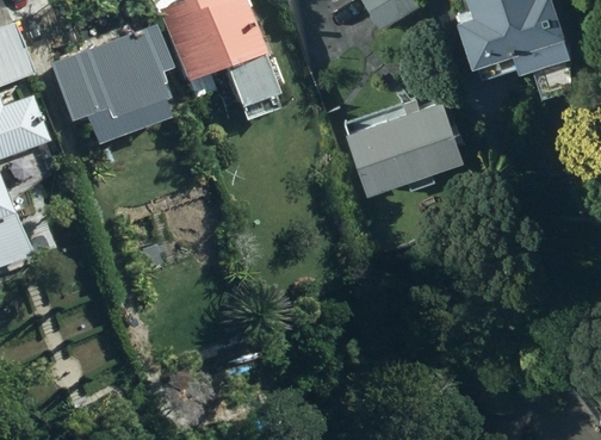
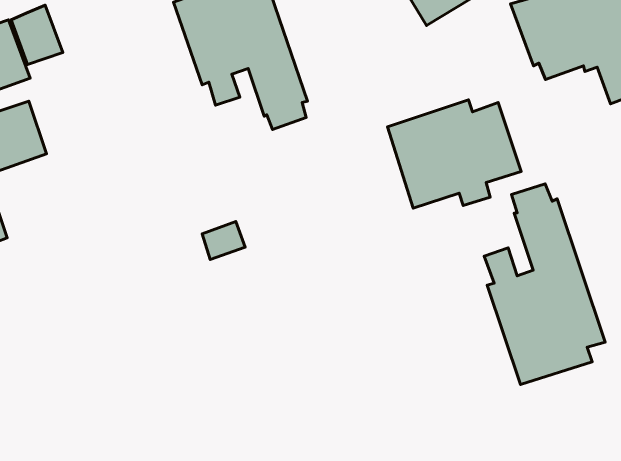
building: [47,29,166,138] -> none
building: none -> [484,184,605,385]

